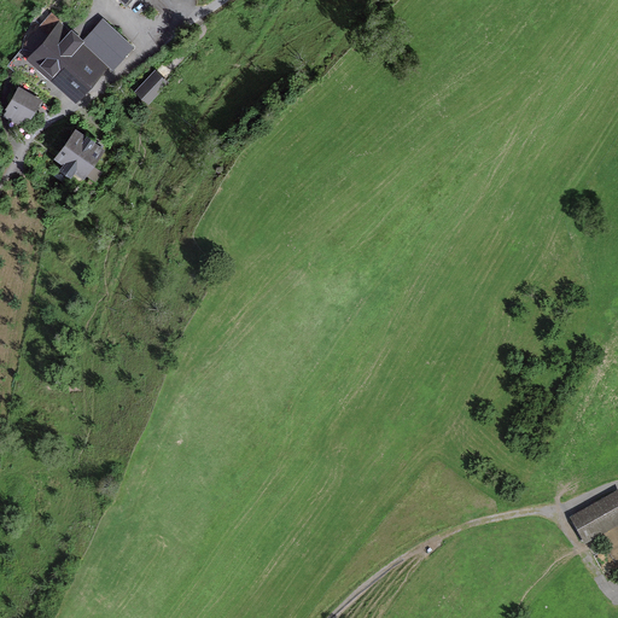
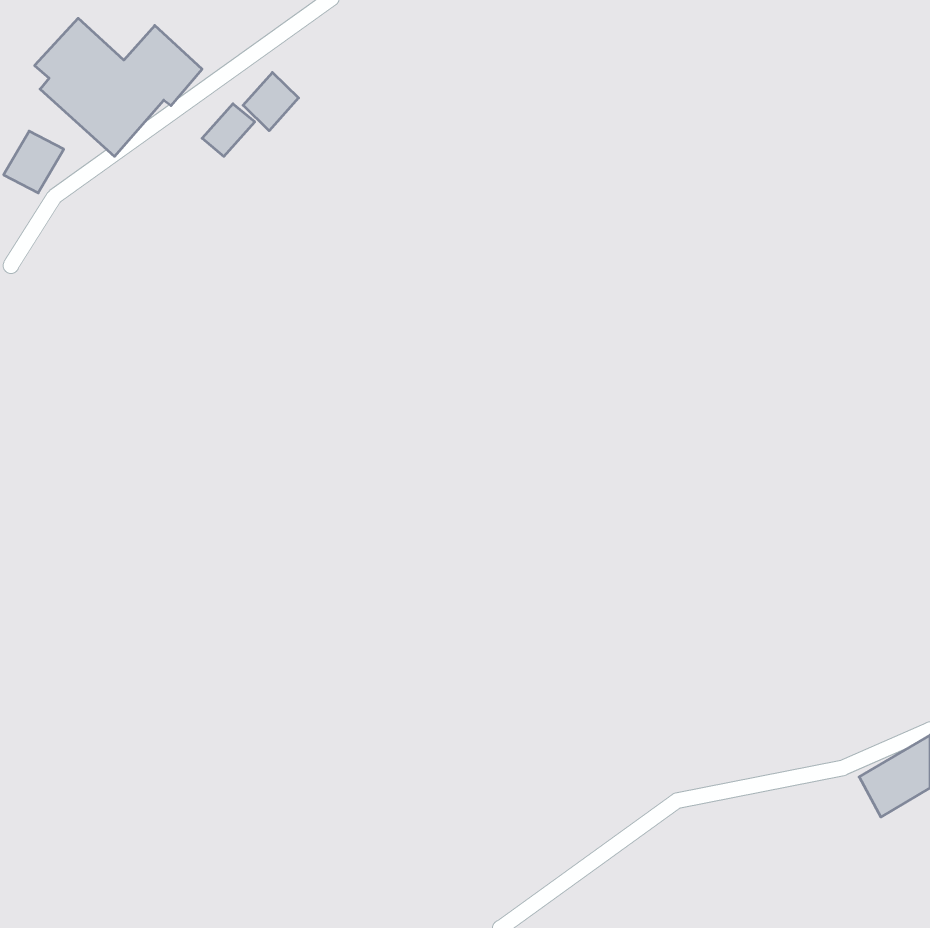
building: none -> [243,72,299,131]
building: [54,128,105,180] -> none

